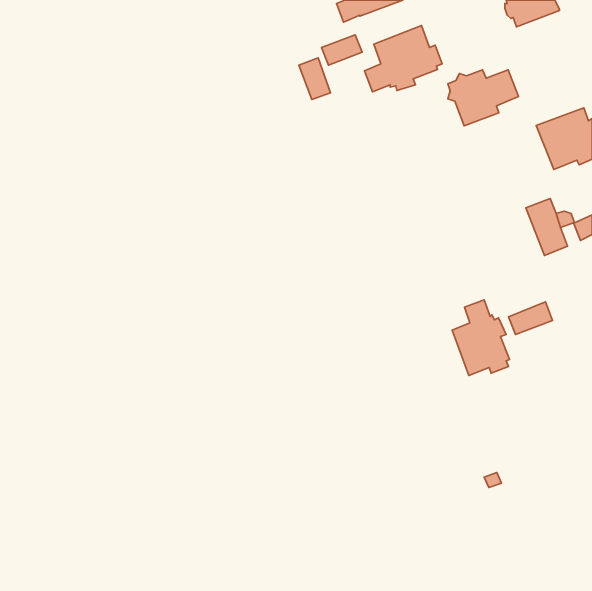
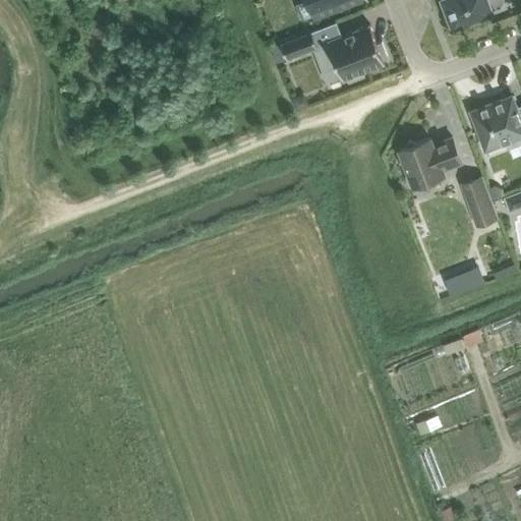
building: [299,58,330,100] -> none
building: [448,70,519,126] -> [399,138,461,187]
building: [452,300,509,376] -> none

